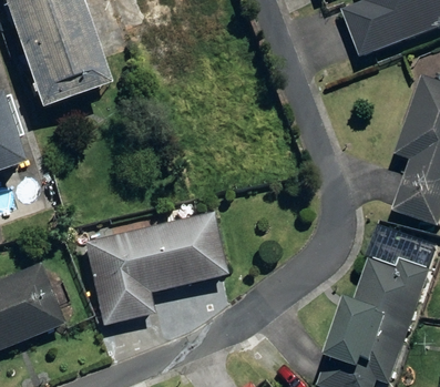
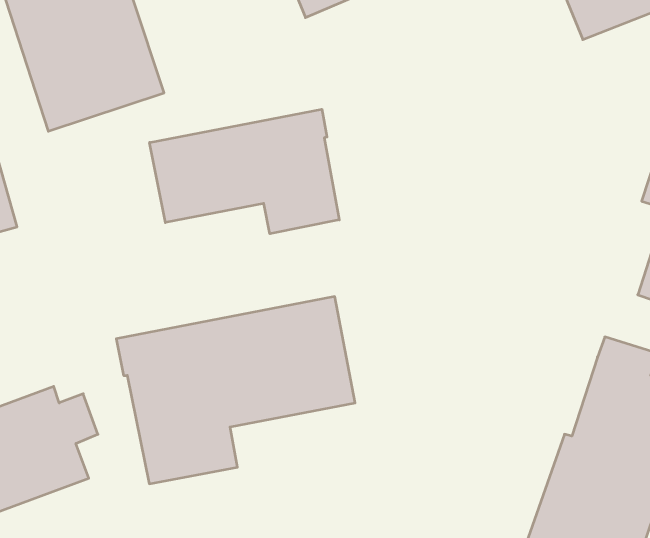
building: none -> [150,109,339,234]

